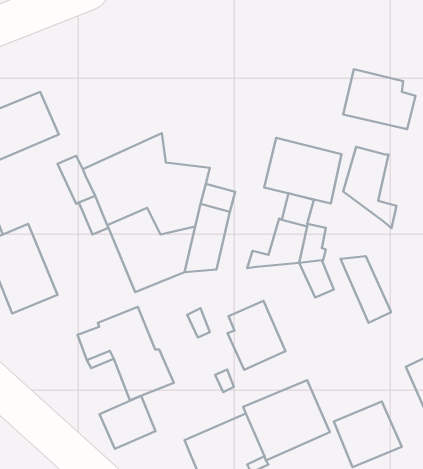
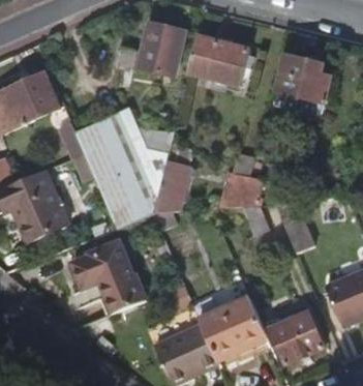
building: none -> [117,23,186,75]
building: [264,138,342,203] -> [189,34,249,85]
building: [343,147,396,228] -> none
building: [227,301,286,370] -> none
building: [100,396,156,449] -> none

